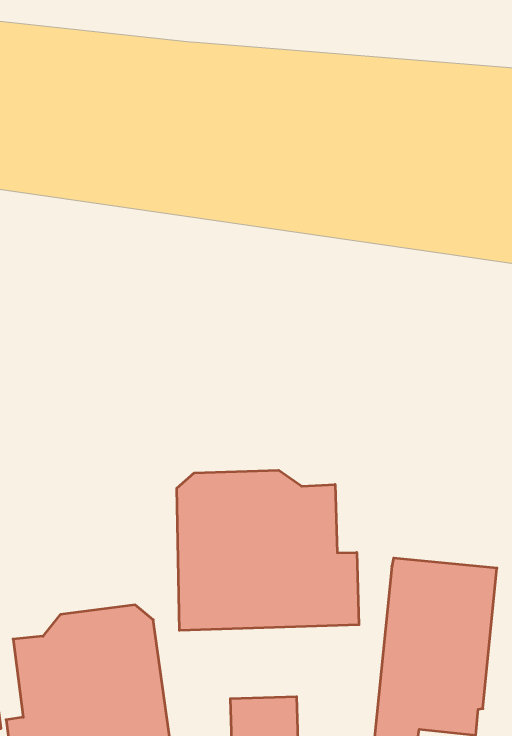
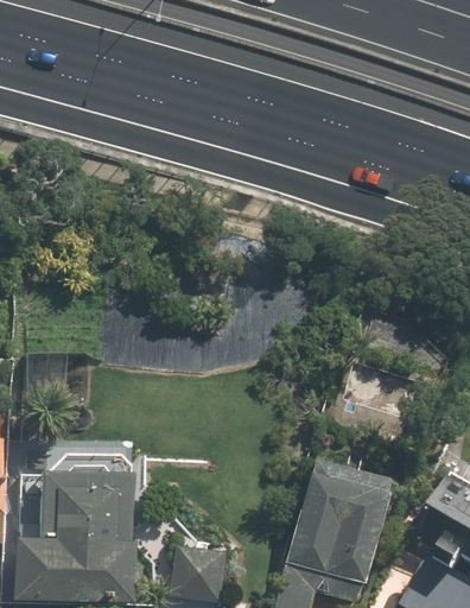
building: [177,470,359,630] -> none

